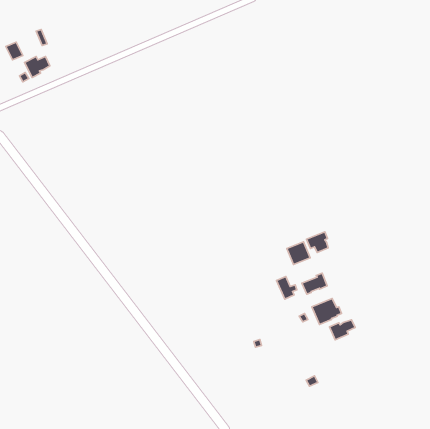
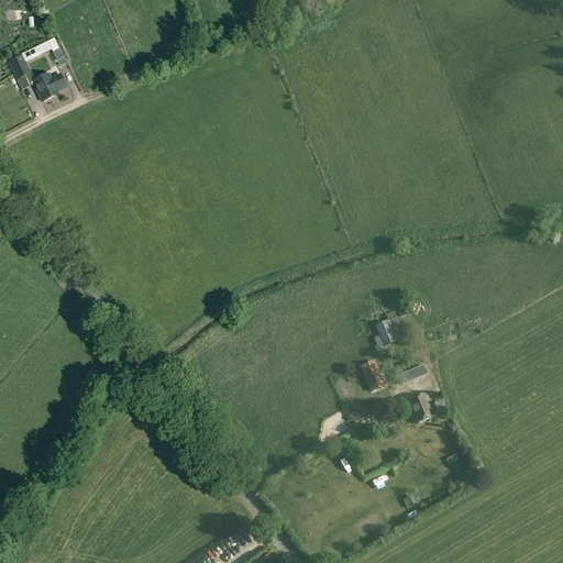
building: [307,232,328,253] -> none
building: [329,320,355,340] -> none

